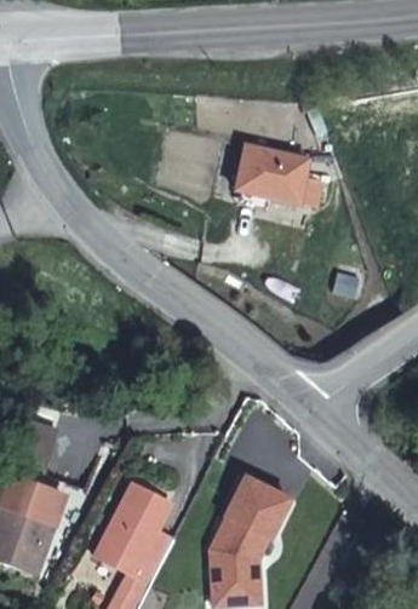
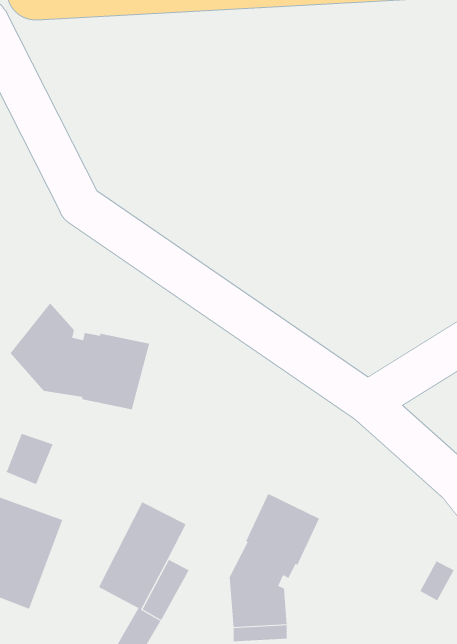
building: [233,144,319,208] -> none
building: none -> [10,302,150,410]

